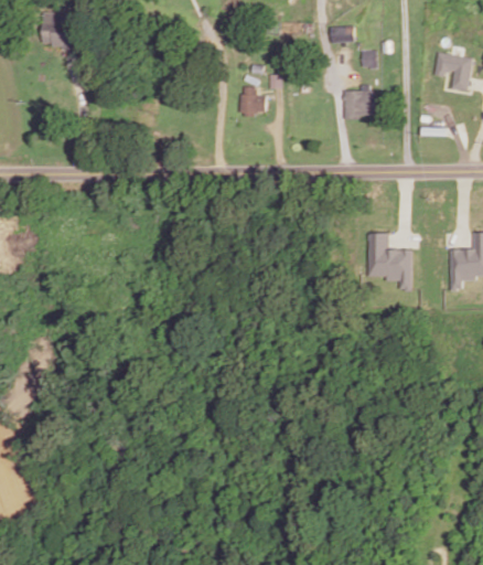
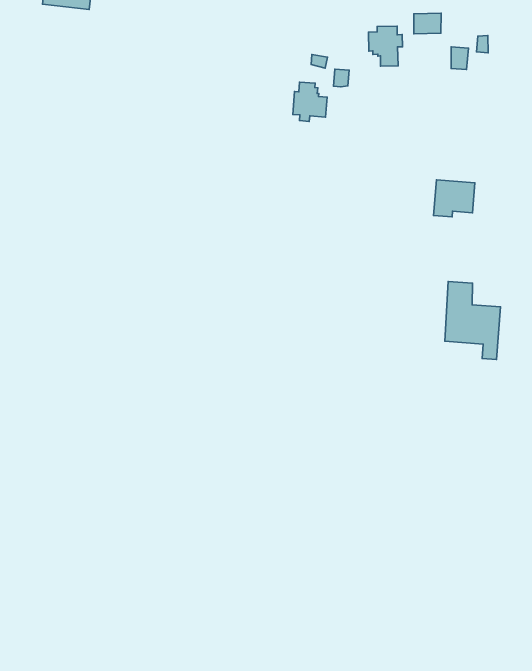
building: none -> [369,26,403,66]
building: [340,90,369,118] -> [434,180,475,217]

